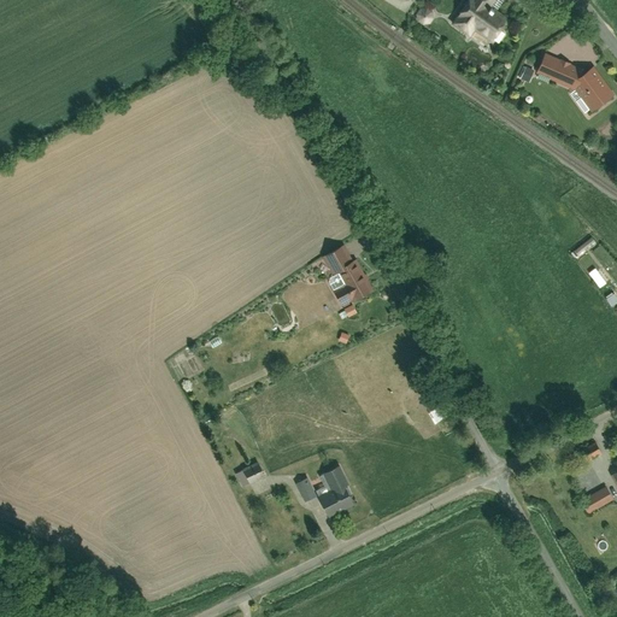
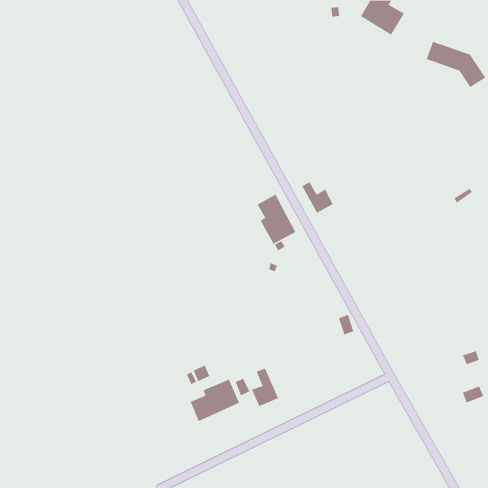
building: none -> [302,181,334,214]
building: none -> [190,379,240,422]

